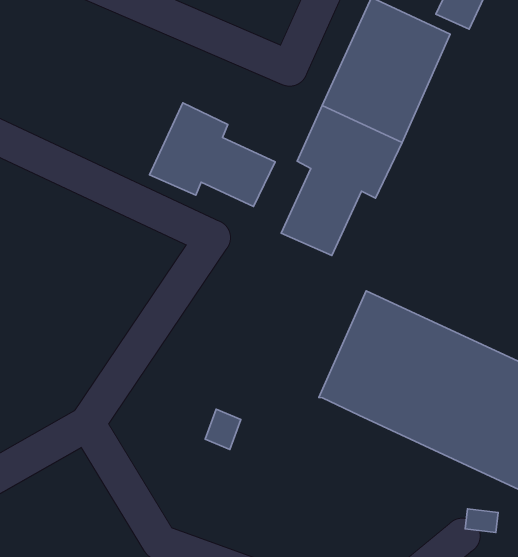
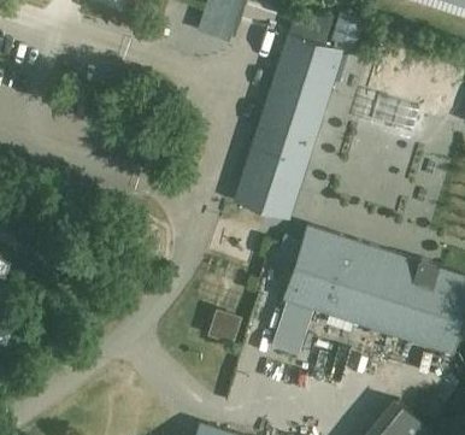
building: [150,103,275,207] -> none
building: none -> [272,300,313,354]

